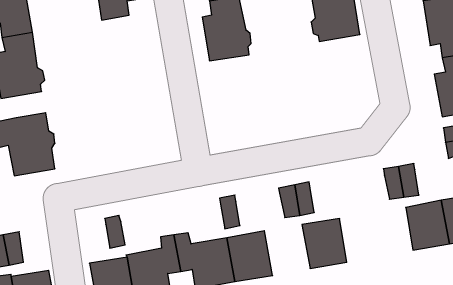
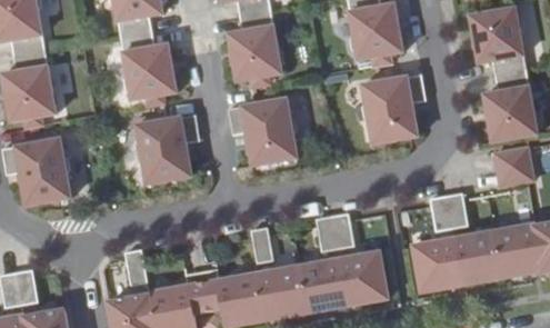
building: none -> [121,30,178,99]
building: none -> [362,73,424,145]
building: none -> [228,98,297,166]
building: none -> [136,113,199,185]
building: none -> [413,240,461,294]
building: none -> [299,259,349,315]

